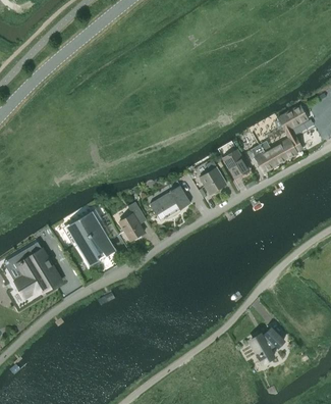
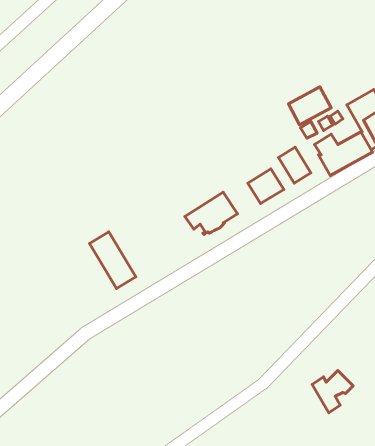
building: none -> [288,87,331,125]
building: [119,202,144,241] -> none
building: [9,241,60,296] -> none

